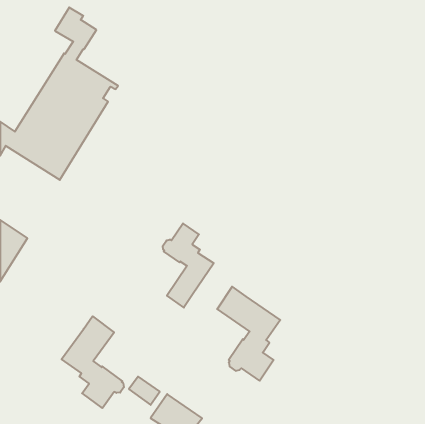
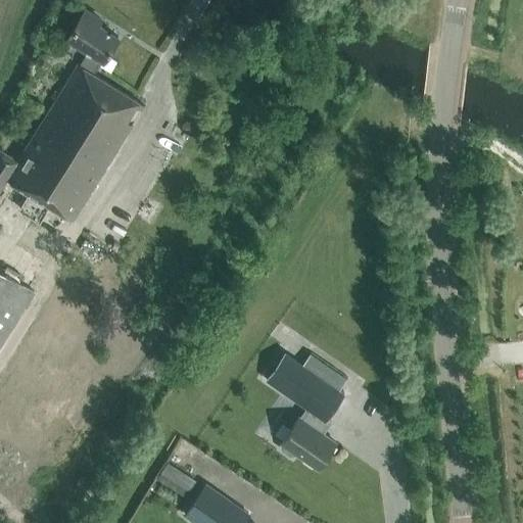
building: [163,223,214,308] -> none
building: [62,316,124,408] -> none

